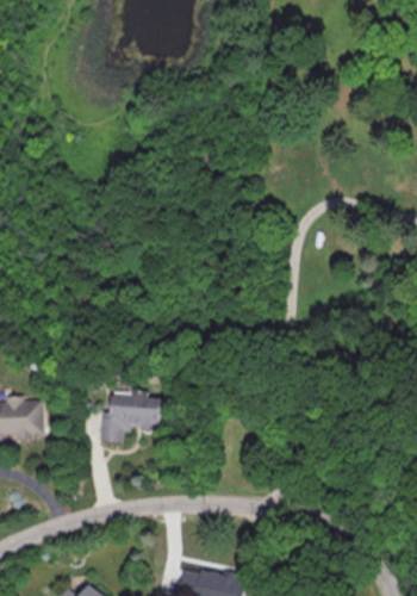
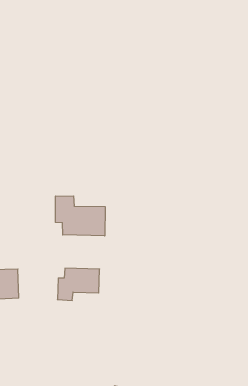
building: none -> [55,196,105,236]

